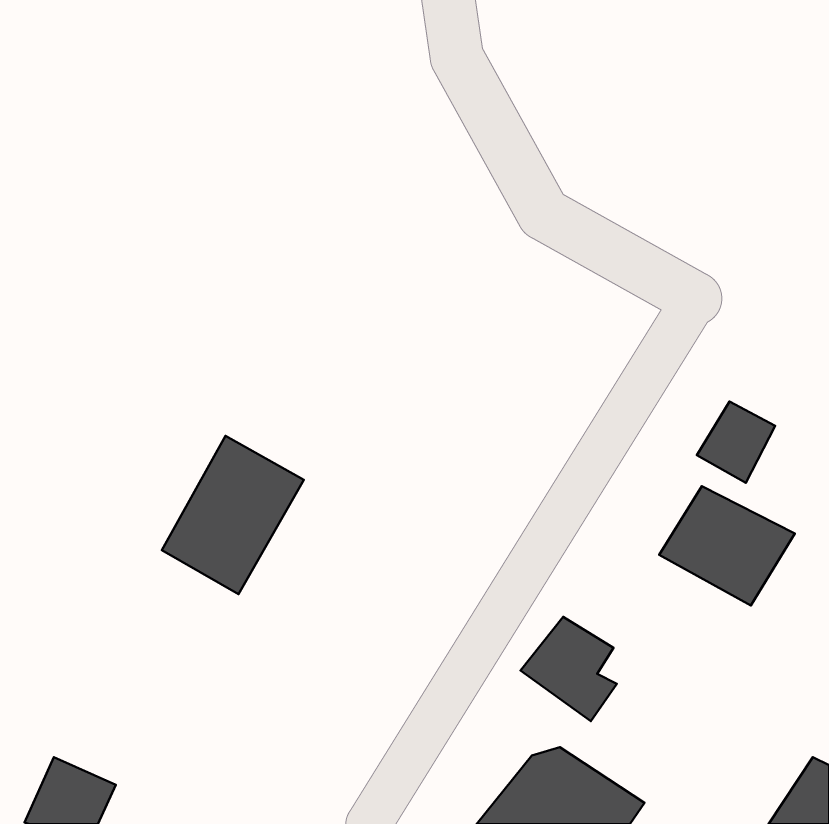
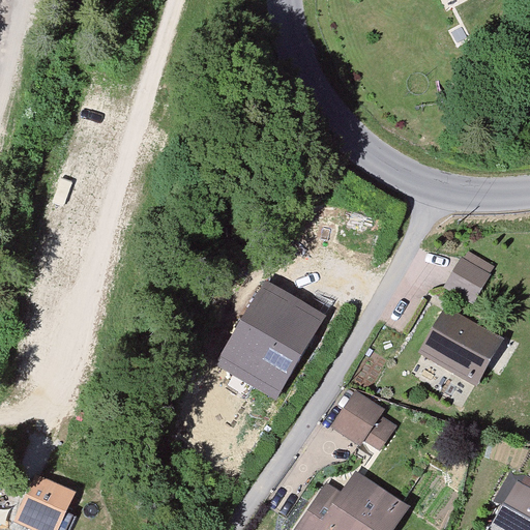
building: [162,436,304,594] -> [226,291,316,391]

